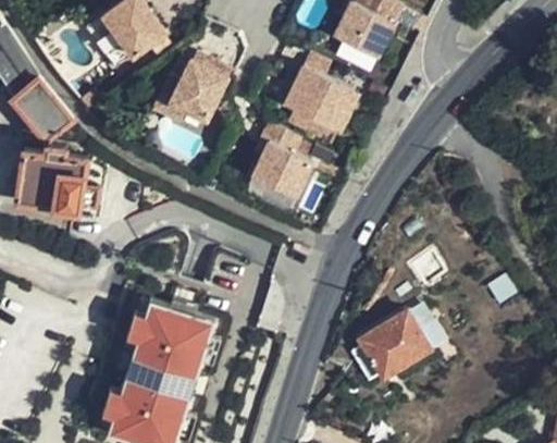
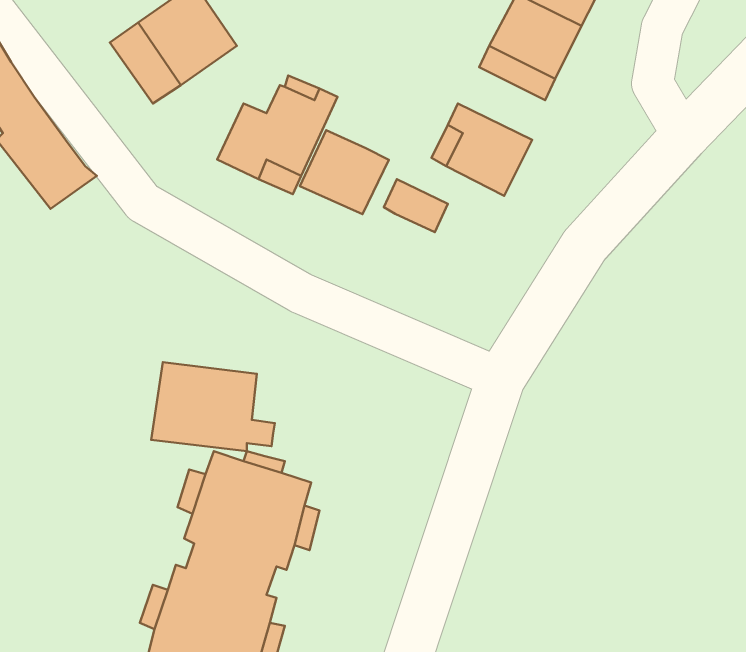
building: [251,146,310,201] -> [300,130,389,214]
building: [13,156,95,214] -> [151,362,275,451]
building: [351,310,442,381] -> none

